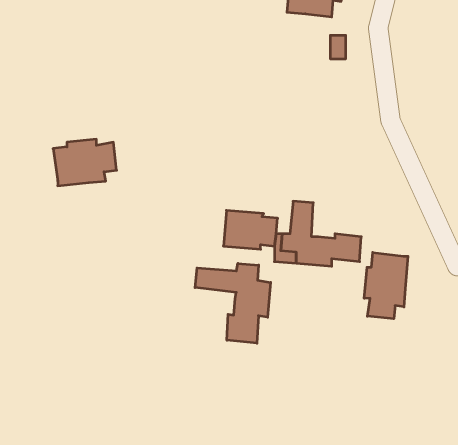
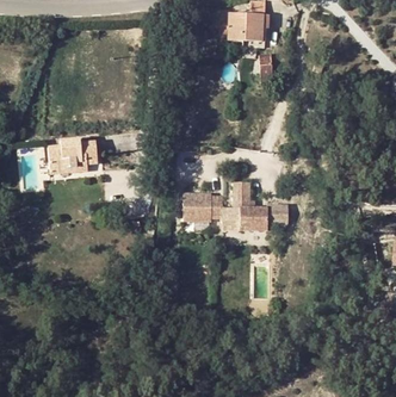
building: [364,252,408,319] -> none
building: [195,263,271,343] -> none

